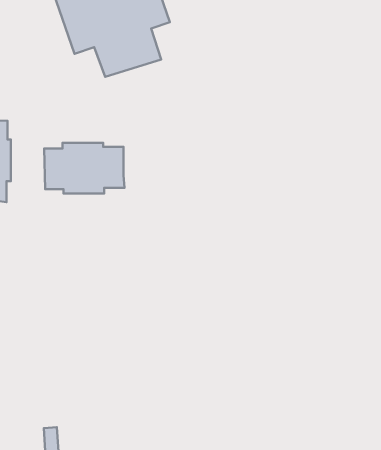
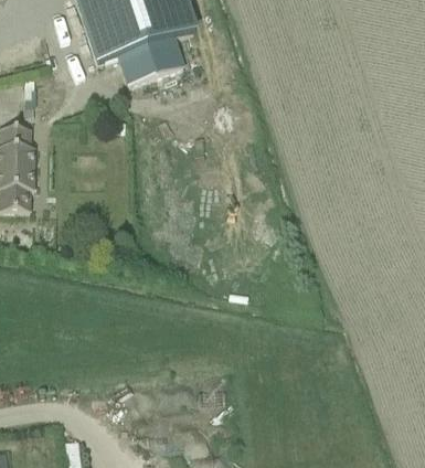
building: [44,143,124,193] -> none

